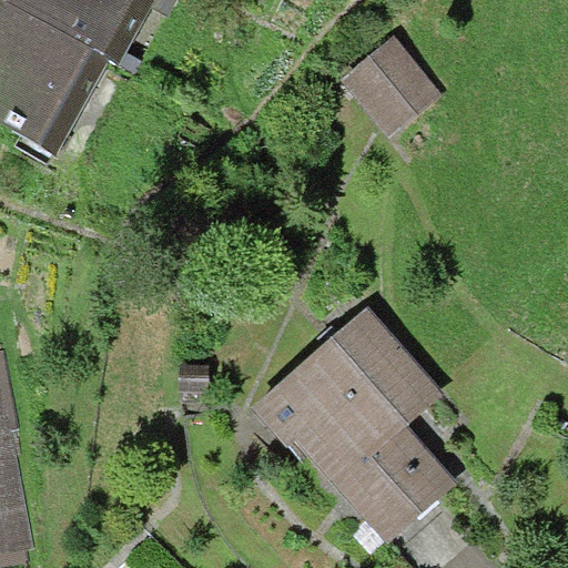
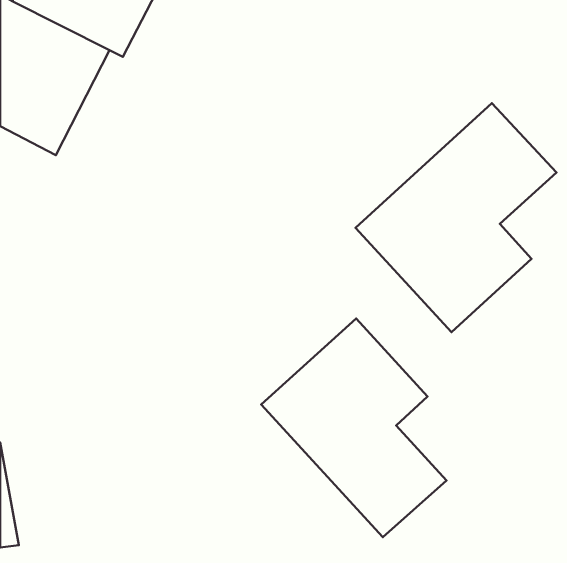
building: [343,39,434,130] -> none
building: none -> [355,103,556,332]

